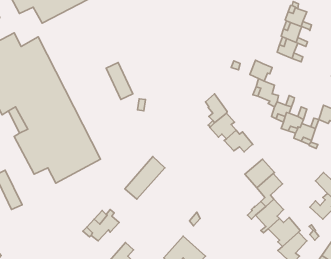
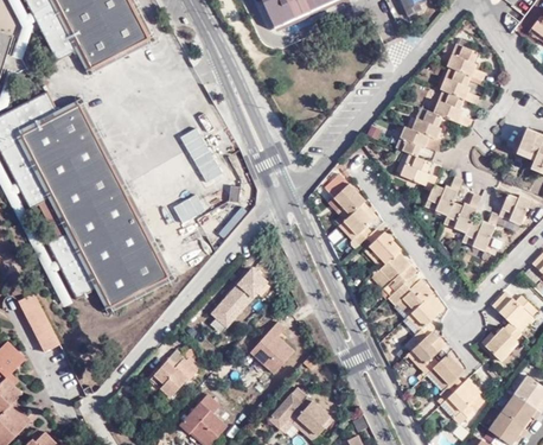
building: none -> [414,109,445,142]
building: none -> [173,195,206,224]
building: none -> [370,250,415,294]
building: none -> [251,323,295,376]

